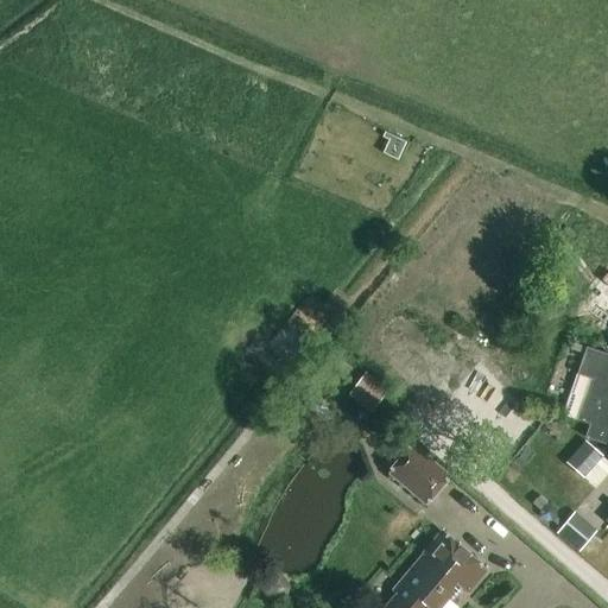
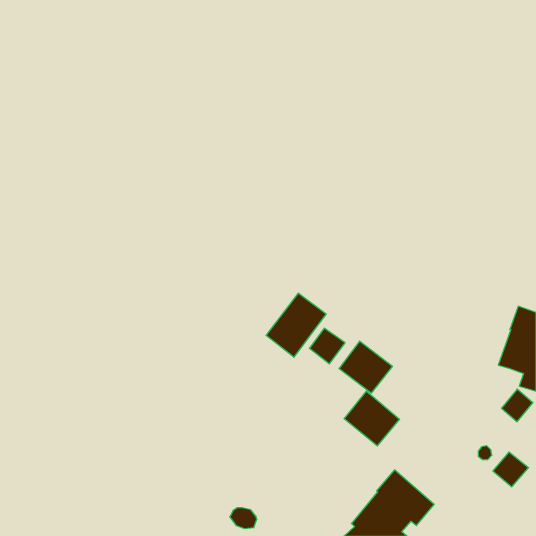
building: none -> [266,293,326,357]
building: none -> [339,341,392,393]

